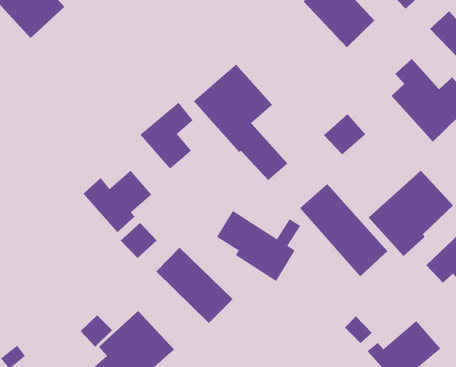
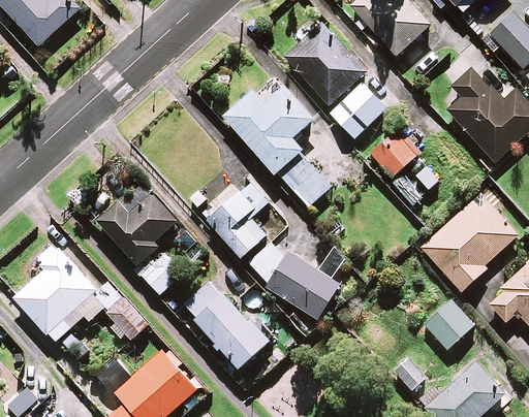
building: none -> [284,24,386,138]
building: [140,102,194,170] -> [207,181,268,257]
building: [299,183,388,277] -> none
building: none -> [14,244,147,342]
building: none -> [424,299,473,349]

